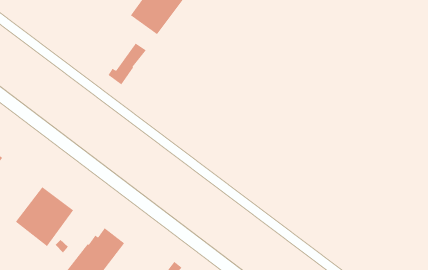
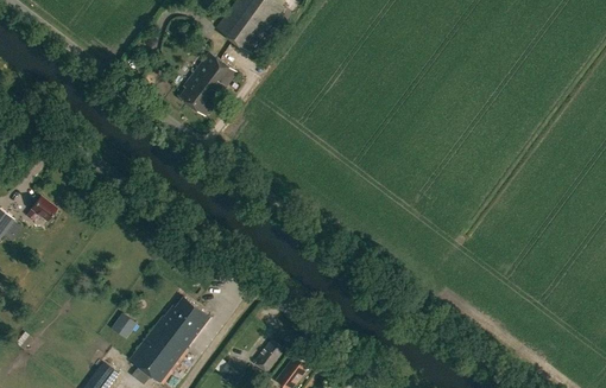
building: none -> [179,51,223,104]
building: [15,186,74,247] -> none

